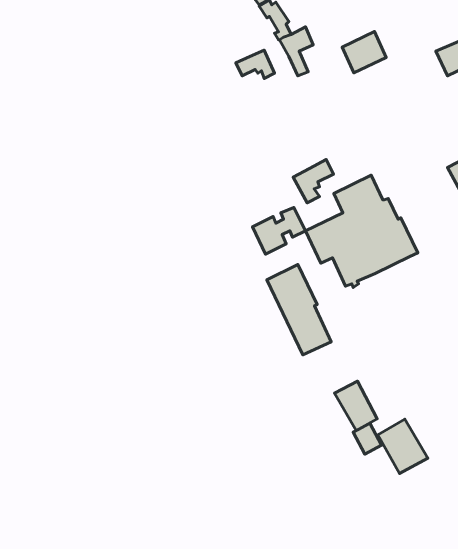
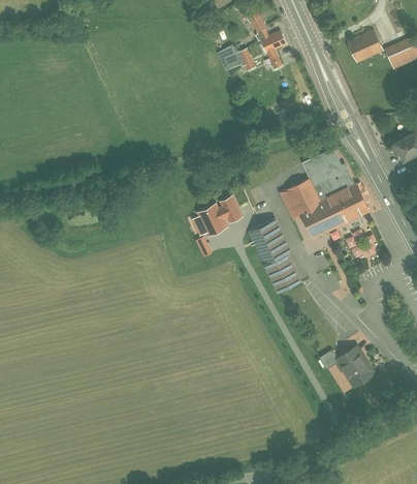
building: [342,32,386,73] -> [347,30,382,63]
building: [293,159,333,203] -> none
building: [253,208,305,254] -> [198,198,240,235]
building: [335,381,377,431] -> none

